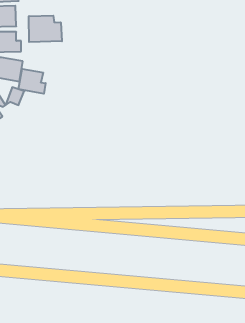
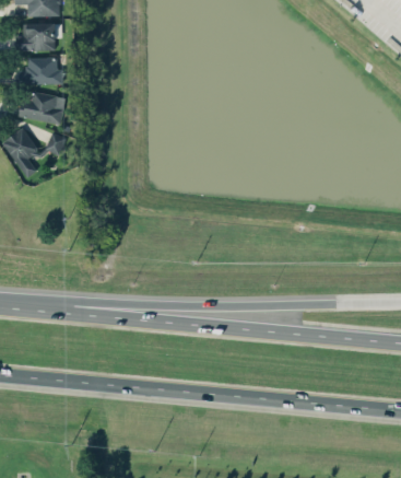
building: [29,16,62,42] -> none
building: [18,69,46,94] -> none

